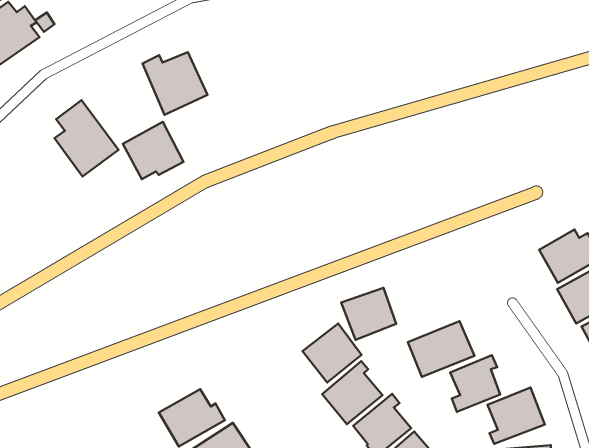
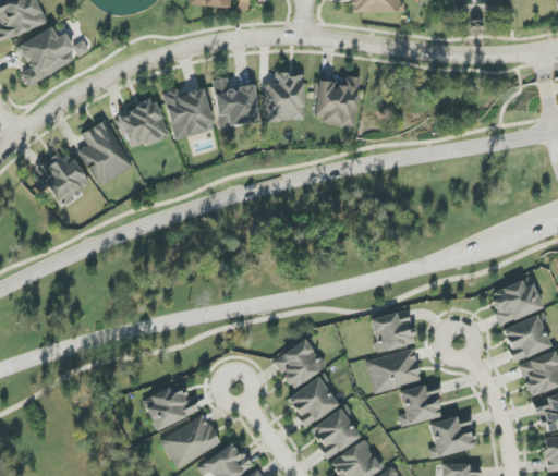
building: none -> [315,76,359,124]
building: none -> [265,73,304,121]
building: none -> [213,77,259,127]
building: [123,122,184,179] -> [118,100,169,148]
building: none -> [33,150,88,207]
building: [341,288,396,340] -> [369,310,415,353]

